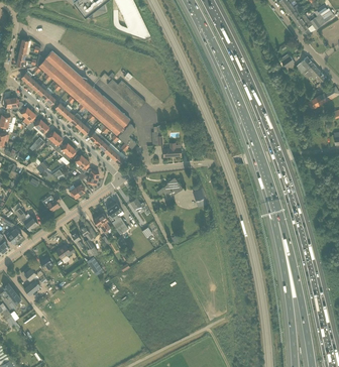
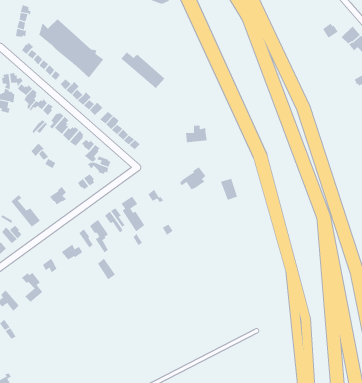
building: [79,85,135,147] -> none

